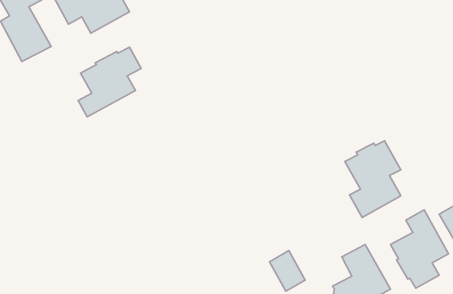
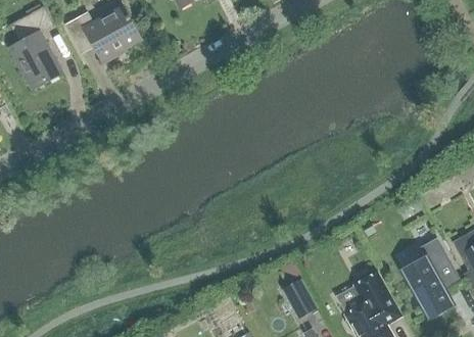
building: [78,47,141,117] -> none
building: [345,141,401,217] -> none

